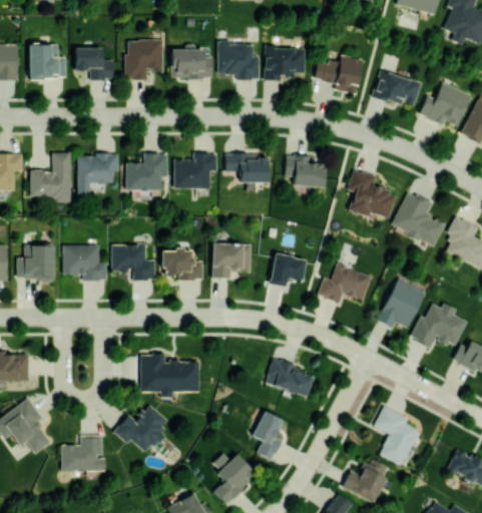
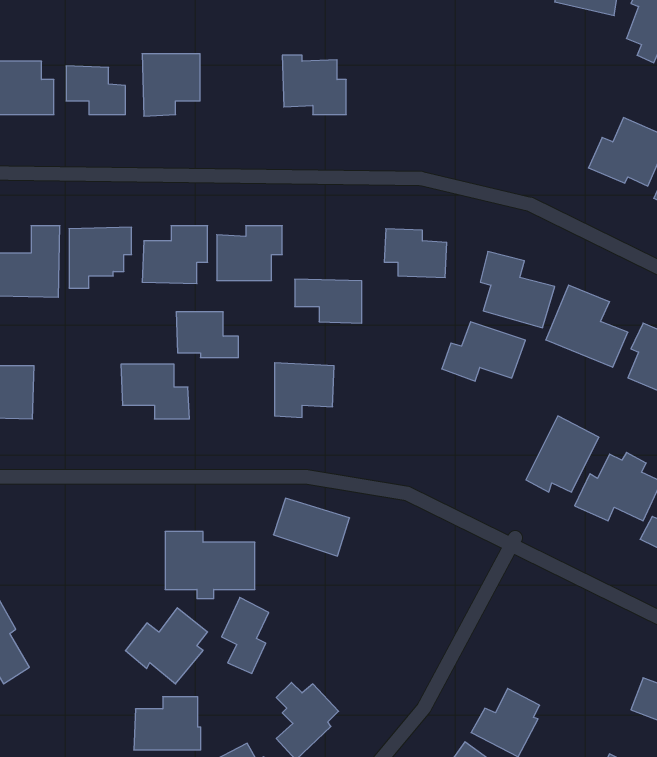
building: [265,47,307,80] -> none
building: [171,48,213,78] -> none
building: [315,55,363,93] -> none
building: [374,70,422,107] -> none
building: [224,153,269,182] -> [295,279,362,323]
building: [63,244,107,281] -> none
building: [162,249,203,280] -> [176,312,238,358]
building: [270,253,306,287] -> none
building: [318,264,373,303] -> [442,322,525,381]
building: [265,359,315,397] -> [273,498,350,556]
building: [374,406,418,465] -> none
building: [253,410,284,460] -> [222,597,269,673]
building: [61,436,105,471] -> [134,697,201,750]

